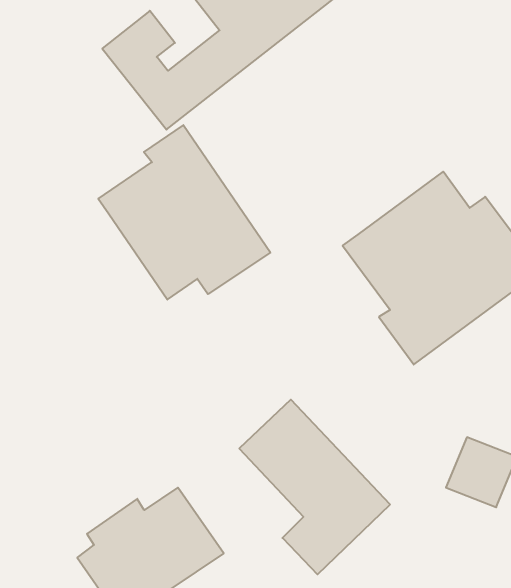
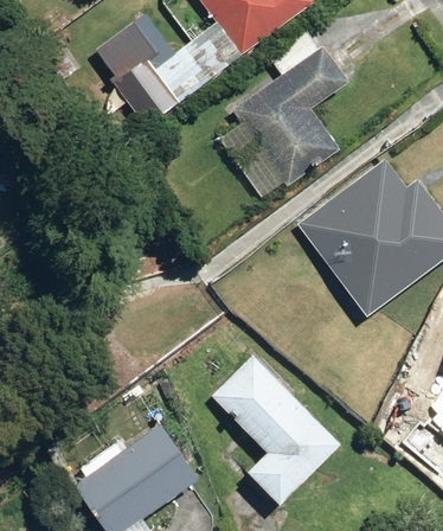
building: none -> [222,25,347,200]
building: [98,125,270,300] -> none

